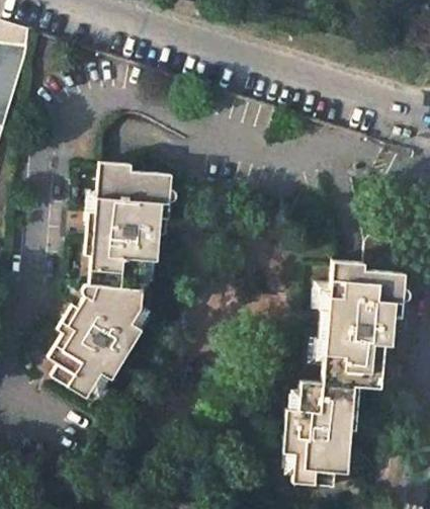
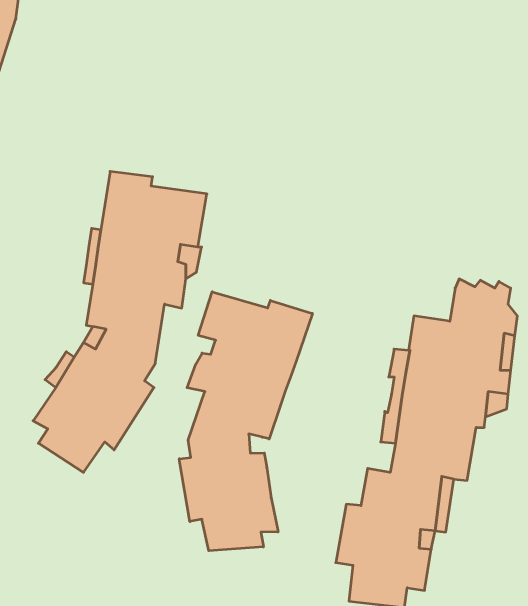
building: none -> [179,292,312,551]

